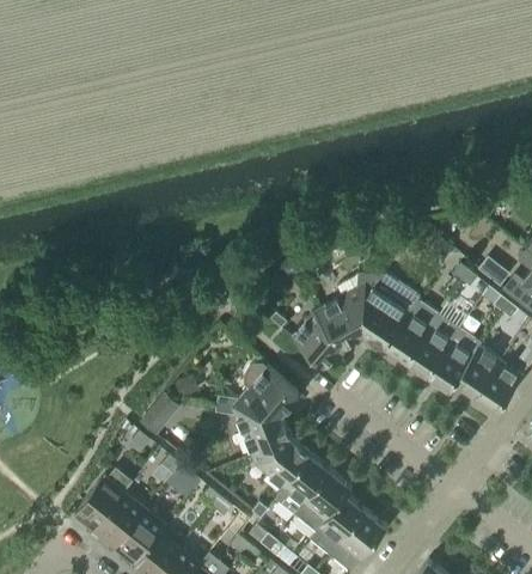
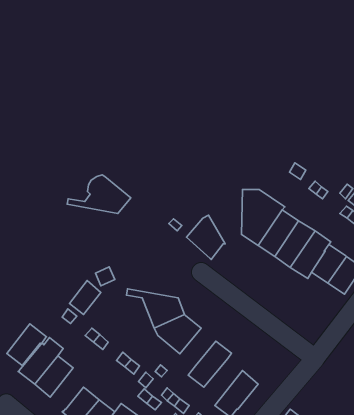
building: [322,273,366,344] -> none
building: [216,365,299,415] -> [67,175,131,213]
building: [275,454,331,515] -> none
building: [310,494,366,555] -> none
building: [116,506,167,560] -> [7,324,47,365]

